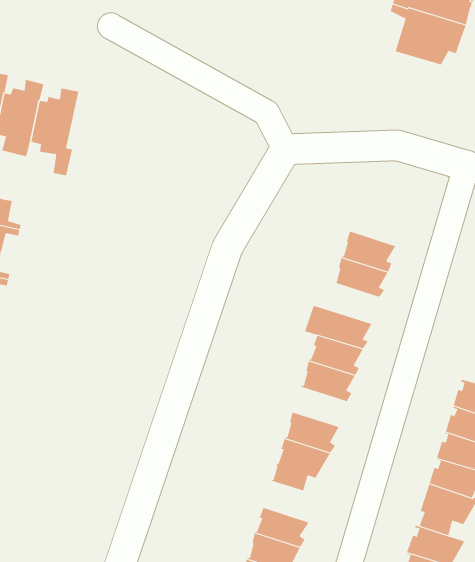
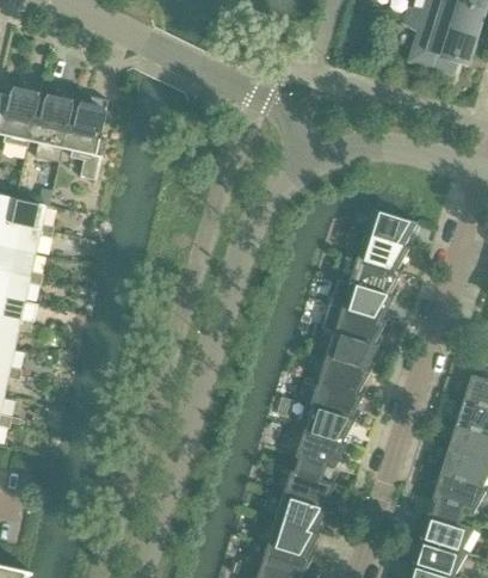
building: none -> [364,209,416,248]
building: none -> [329,281,393,322]
building: none -> [309,382,362,420]
building: none -> [282,472,334,511]

